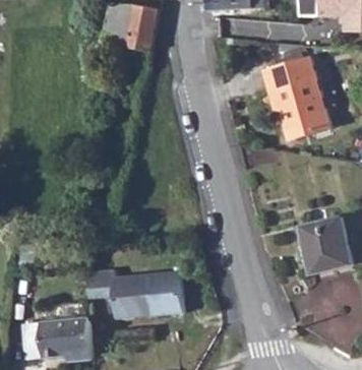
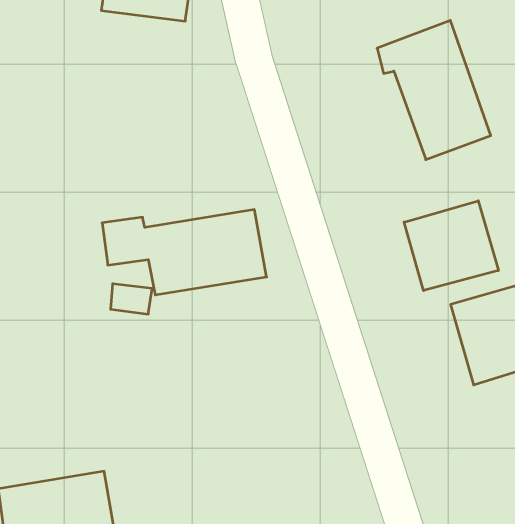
building: none -> [404,201,498,291]
building: [86,270,183,318] -> [102,210,267,295]

